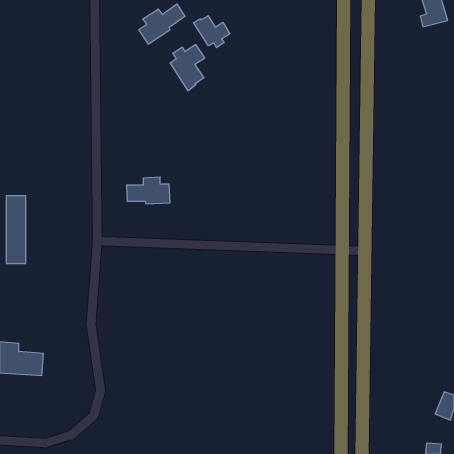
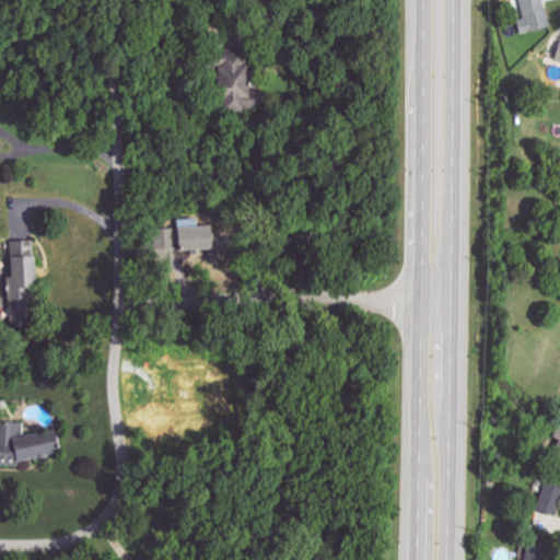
building: [139,4,185,44] -> none
building: [194,16,230,48] -> none

